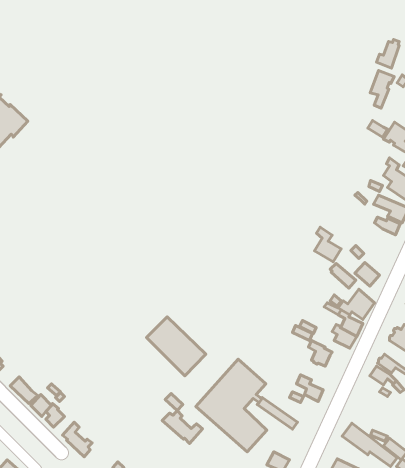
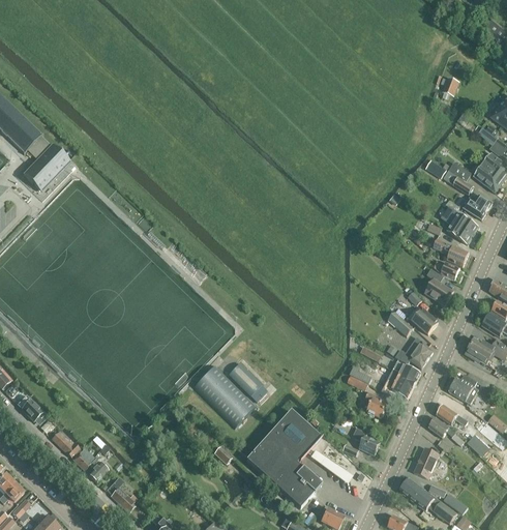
building: [370,71,394,108] -> none
building: [314,227,341,262] -> [424,268,452,304]
building: none -> [227,361,262,396]
building: none -> [413,447,439,478]
building: [162,410,203,443] -> none

